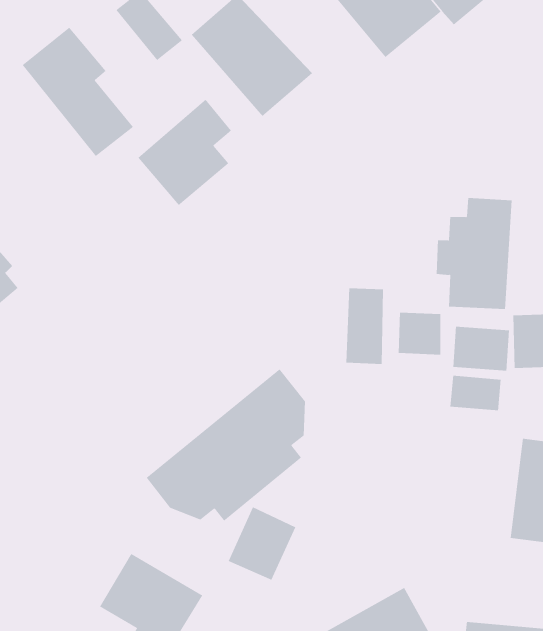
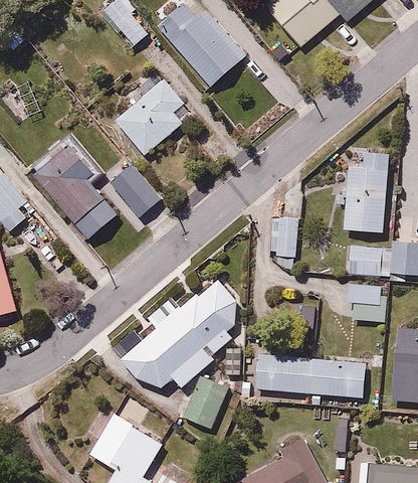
building: [22,27,134,157] -> [34,143,117,238]
building: none -> [108,168,158,220]
building: [398,312,441,355] -> none
building: none -> [250,353,364,396]

